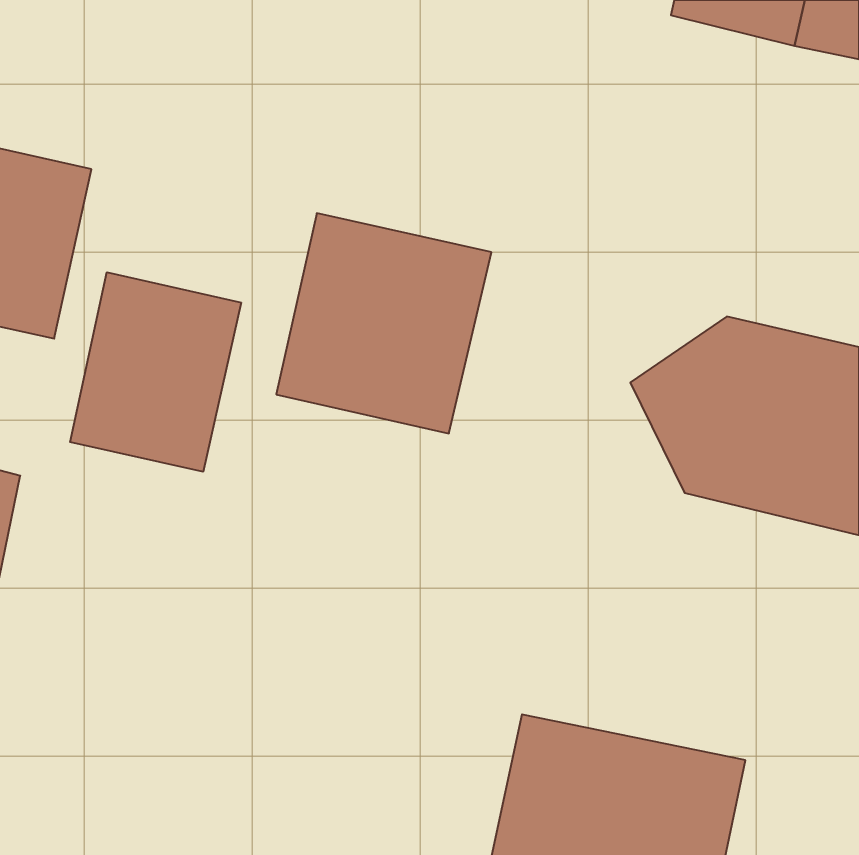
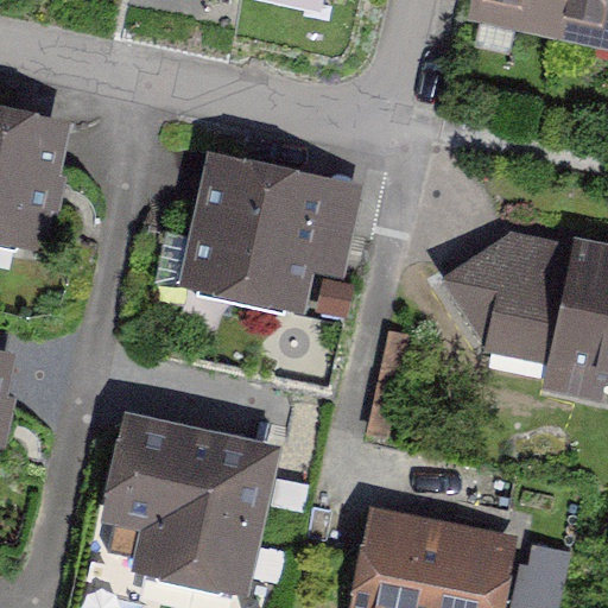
building: [70,272,241,472] -> none
building: none -> [114,412,281,600]

